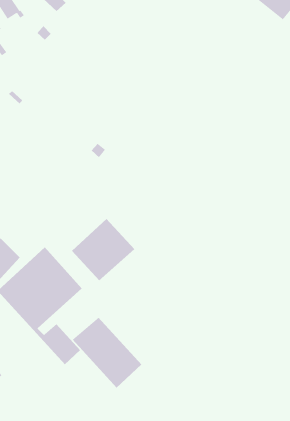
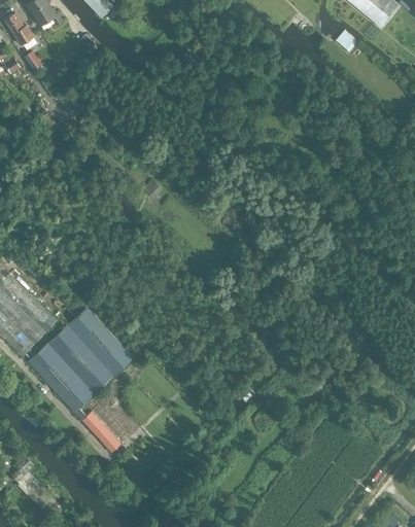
building: [71,218,135,281] -> none
building: [72,317,142,388] -> none

